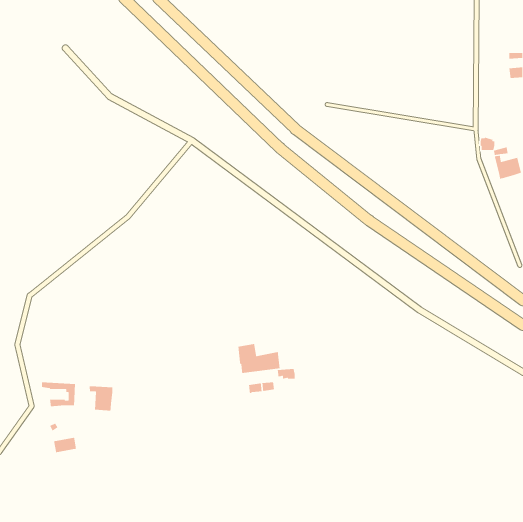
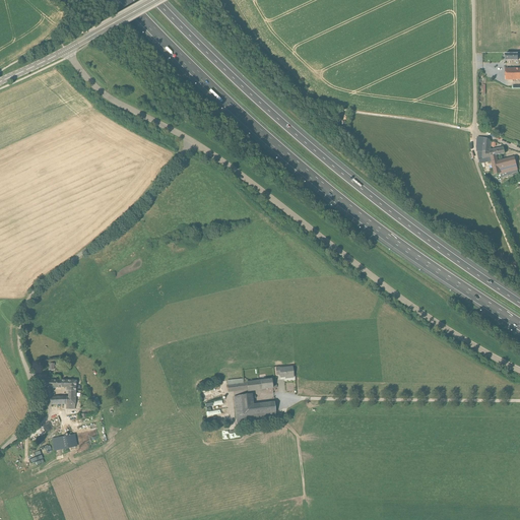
building: [237,343,281,374] -> [233,392,275,422]
building: [89,385,113,411] -> none

